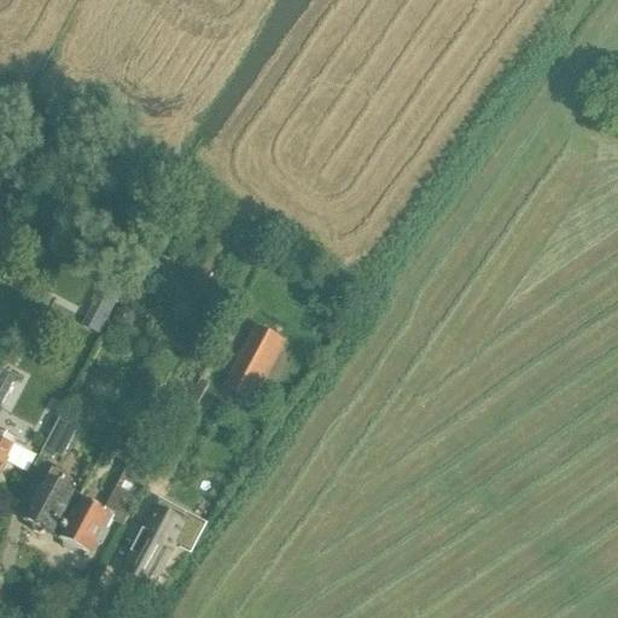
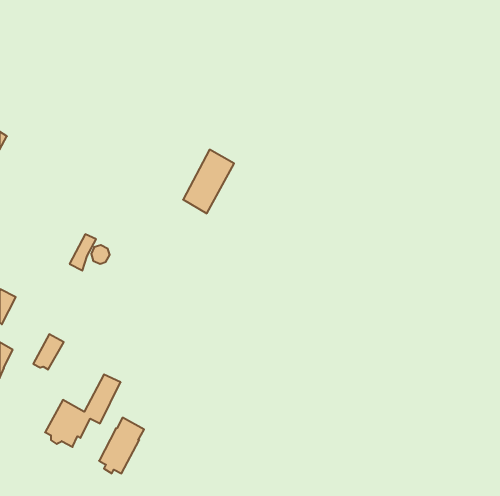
building: [222,320,285,398] -> [183,150,234,213]
building: [24,465,77,532] -> none

